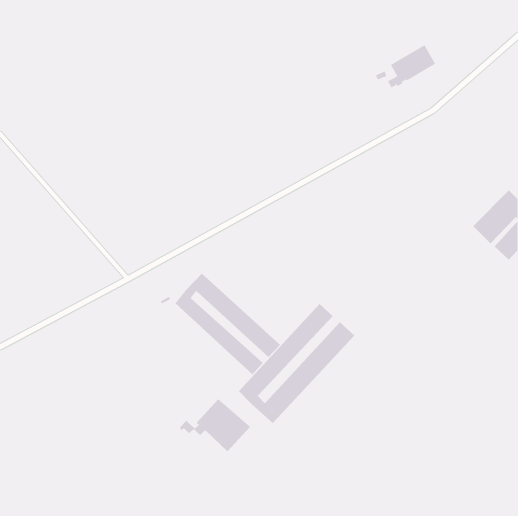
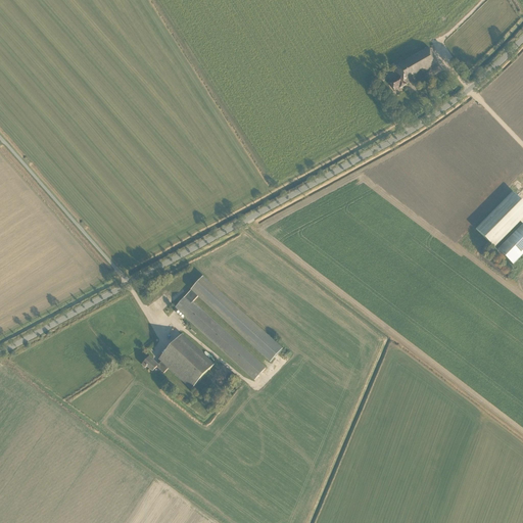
building: [238,303,355,424] -> none
building: [179,398,251,452] -> [142,333,215,387]

